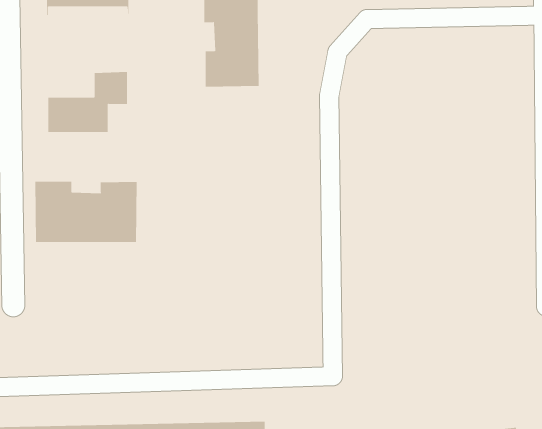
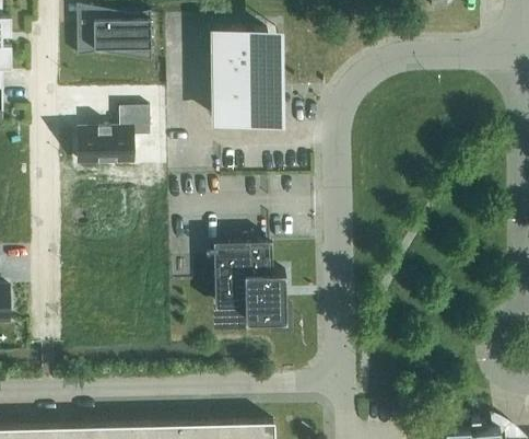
building: [35,181,137,243] -> none
building: none -> [215,235,285,324]

